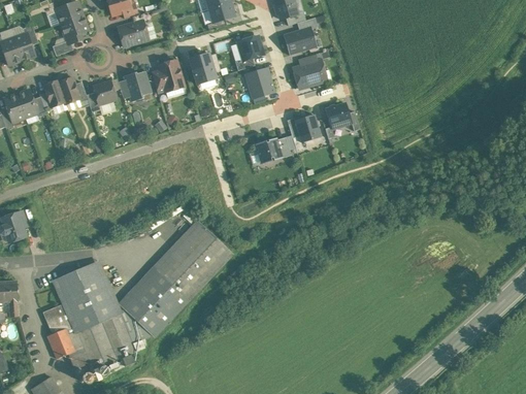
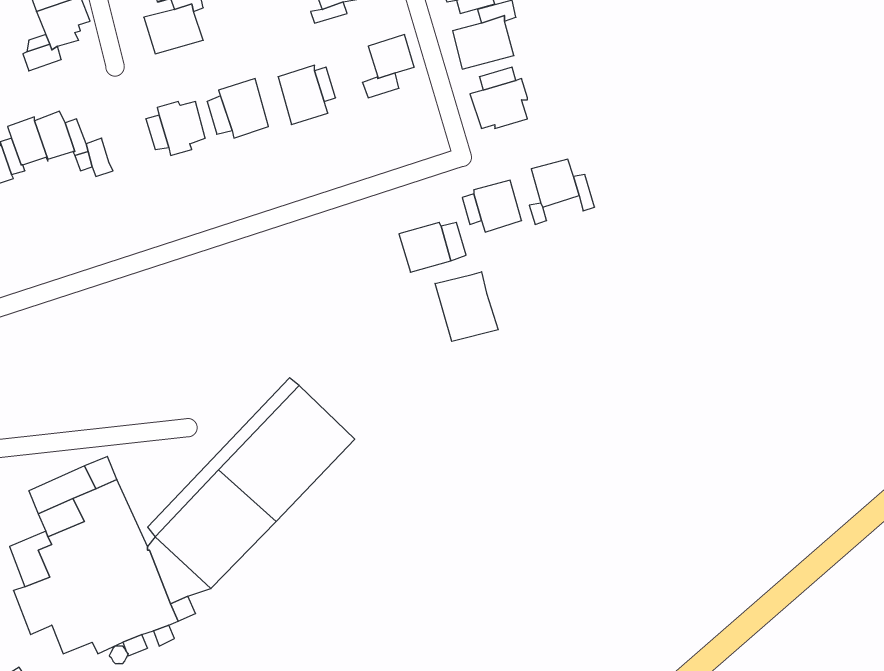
building: [244,68,273,98] -> none
building: [92,79,116,105] -> none
building: none -> [435,272,498,341]

